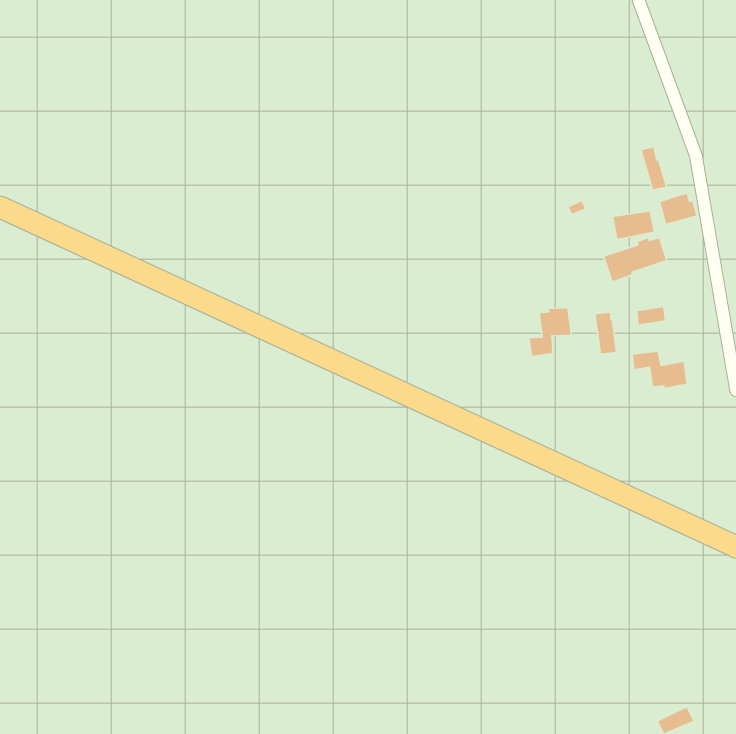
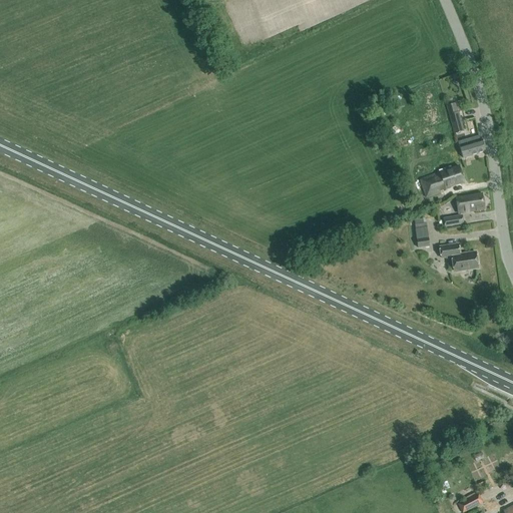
building: [613,211,654,240] -> [456,192,485,212]
building: [529,308,571,357] -> none

